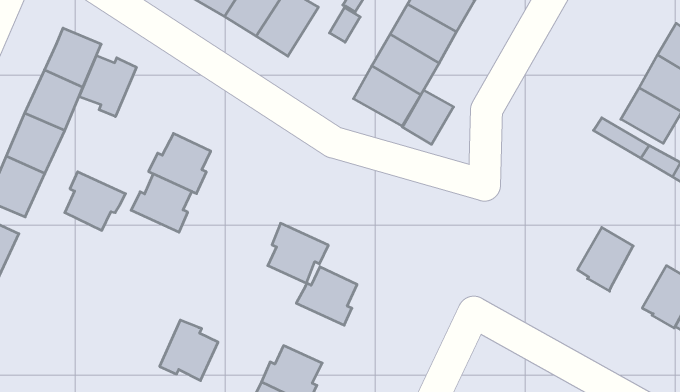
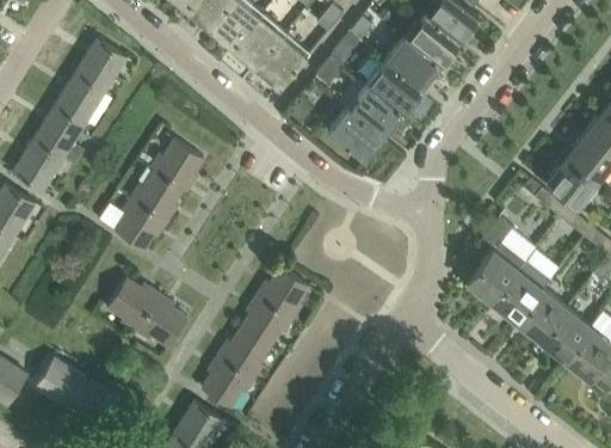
building: [79,56,136,117] -> none
building: [402,90,454,144] -> none
building: none -> [467,216,535,303]
building: [65,172,126,230] -> [116,198,168,250]
building: [268,223,328,283] -> [241,295,294,348]
building: none -> [518,288,567,342]
building: none -> [107,278,159,331]

